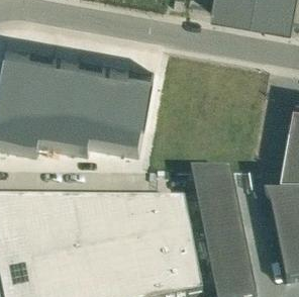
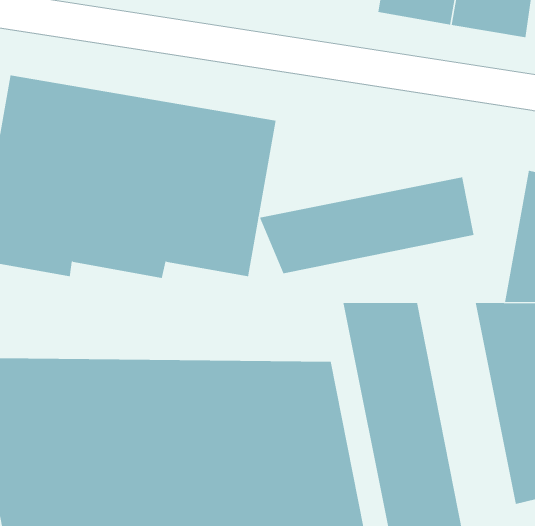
building: none -> [259,176,474,274]

